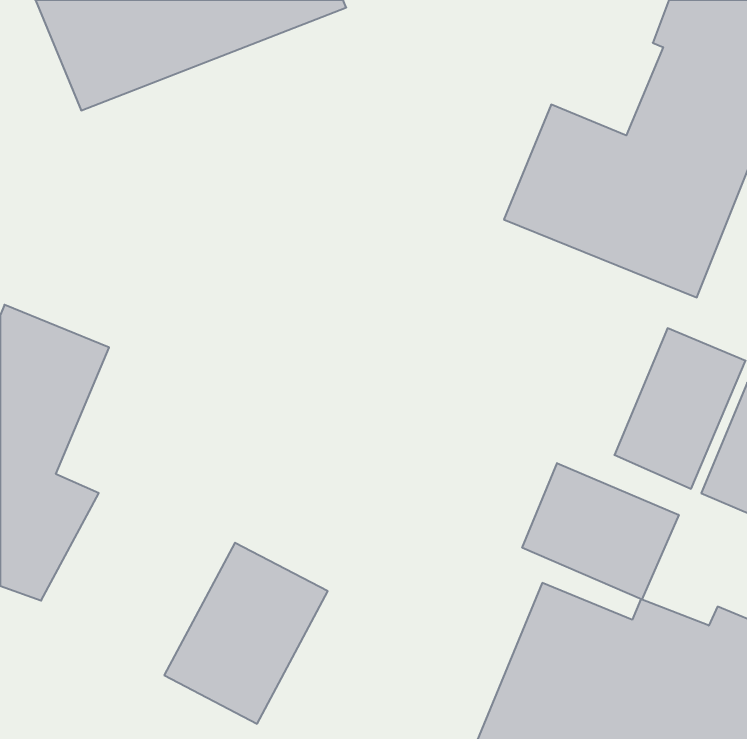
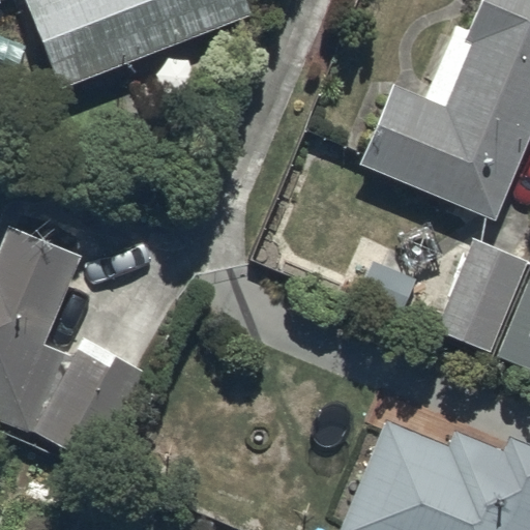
building: [522,463,679,600] -> none
building: [164,543,328,724] -> [33,338,148,466]

